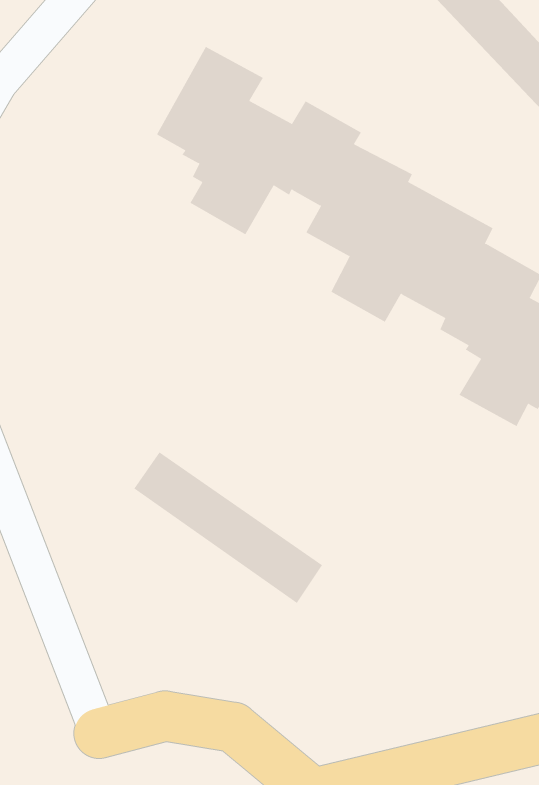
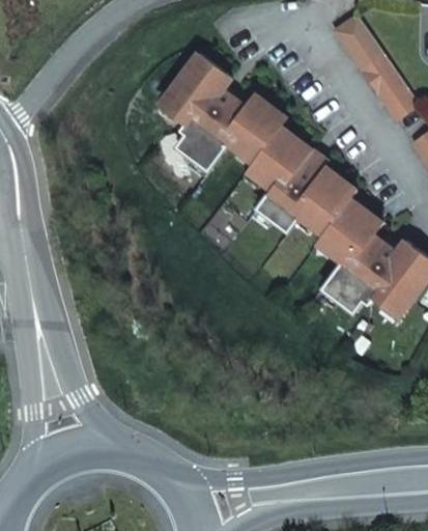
building: [133,452,323,604] -> none

